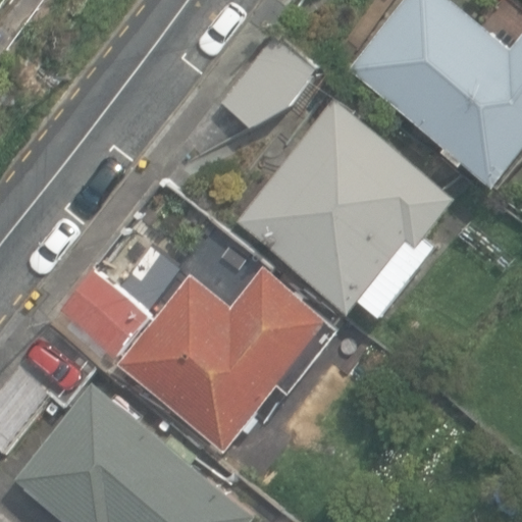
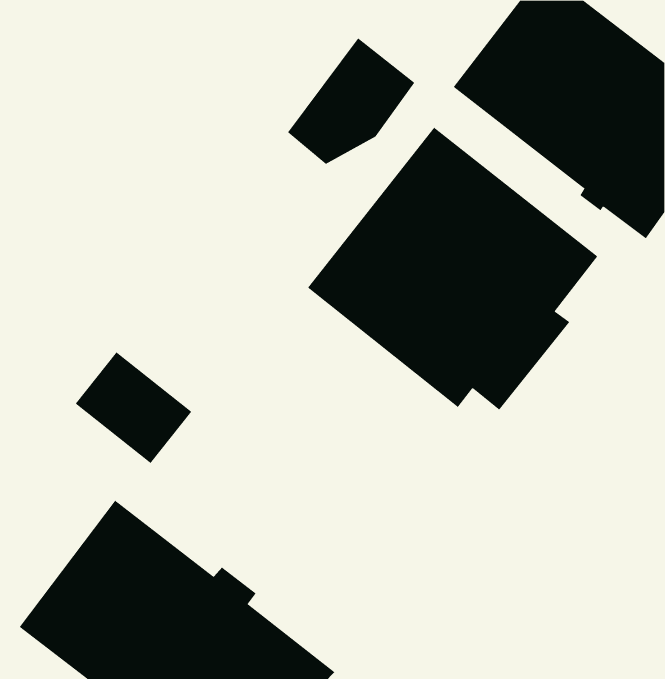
building: [116,269,336,450] -> none

